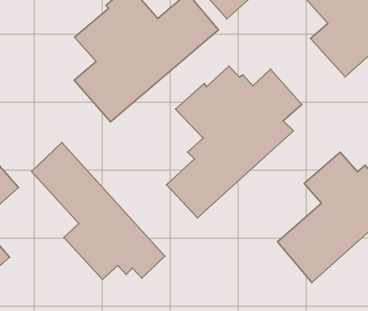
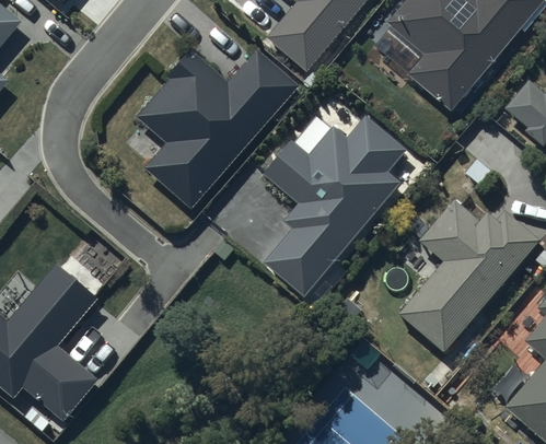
building: [32,142,165,280] -> none

